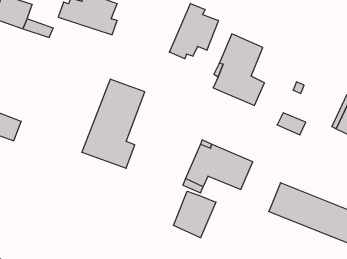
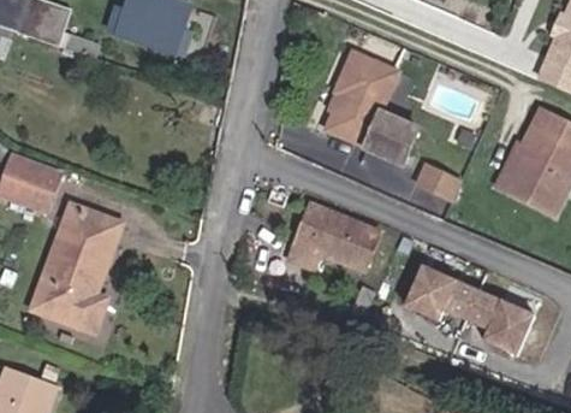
building: [169,3,218,59] -> none
building: [82,79,145,168] -> [30,206,120,334]
building: [173,191,216,238] -> none

